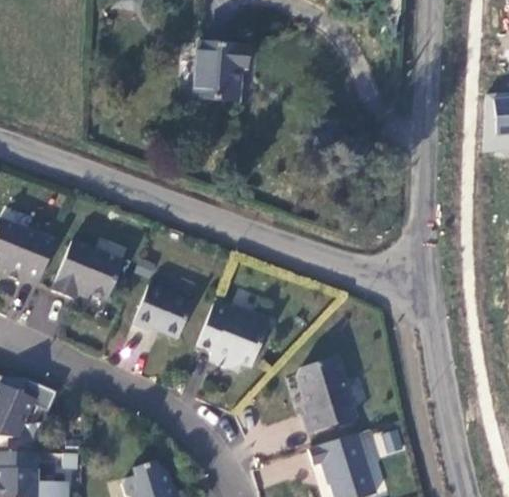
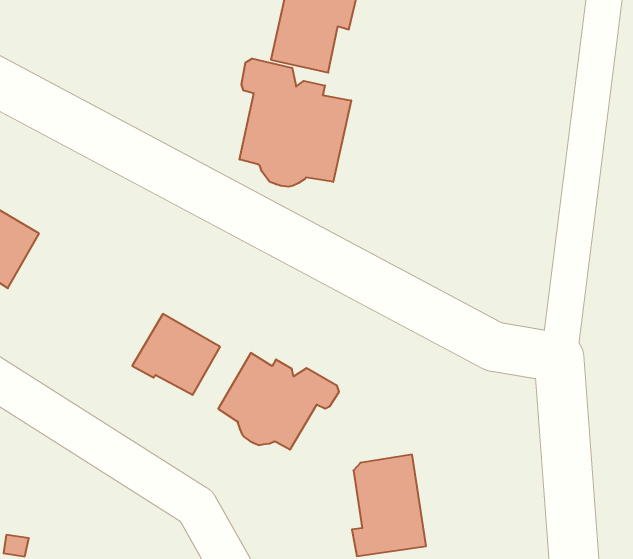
building: none -> [240,58,351,187]
building: [52,241,123,301] -> none

